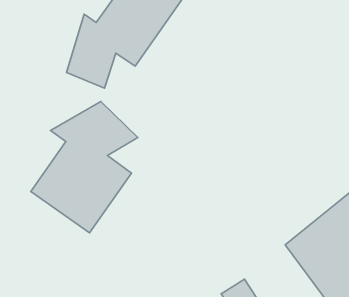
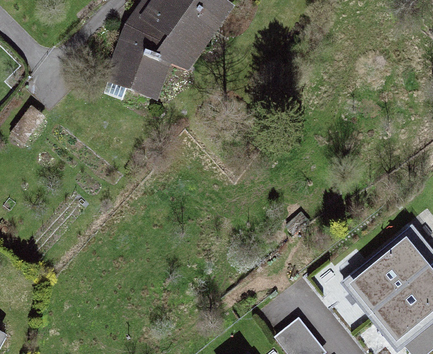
building: [31,101,138,233] -> none

